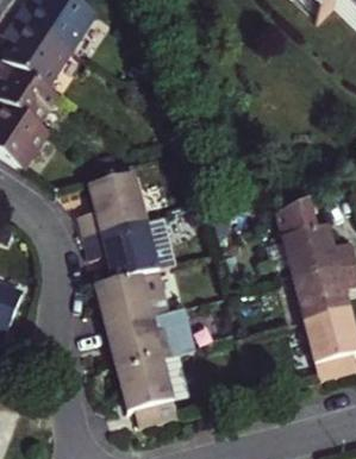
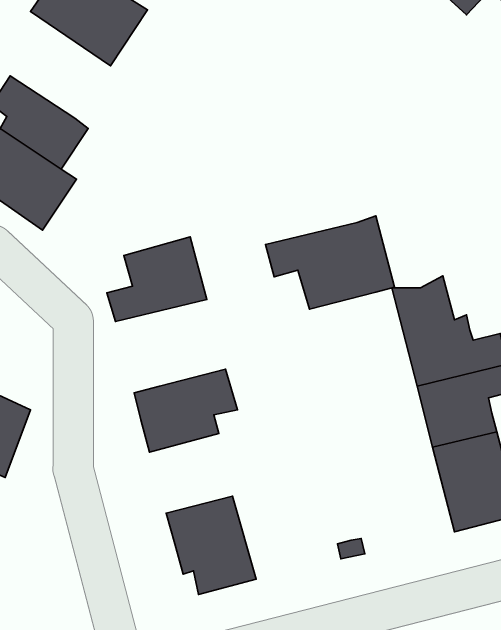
building: [7,14,79,89] -> none
building: [82,212,173,277] -> [266,216,394,309]
building: [106,303,195,366] -> none

